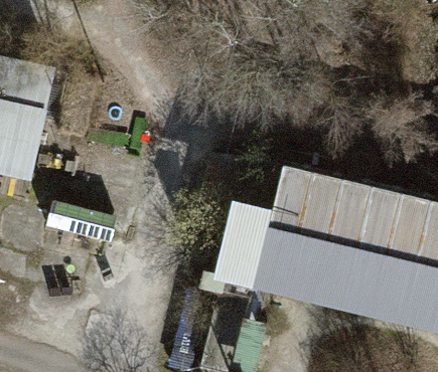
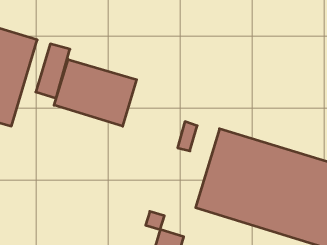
building: none -> [54,59,137,126]

